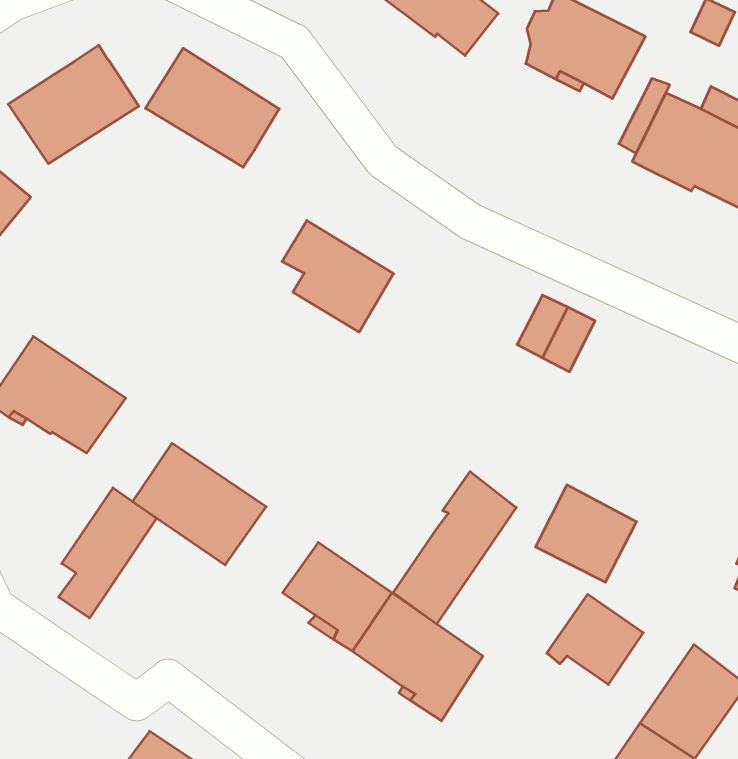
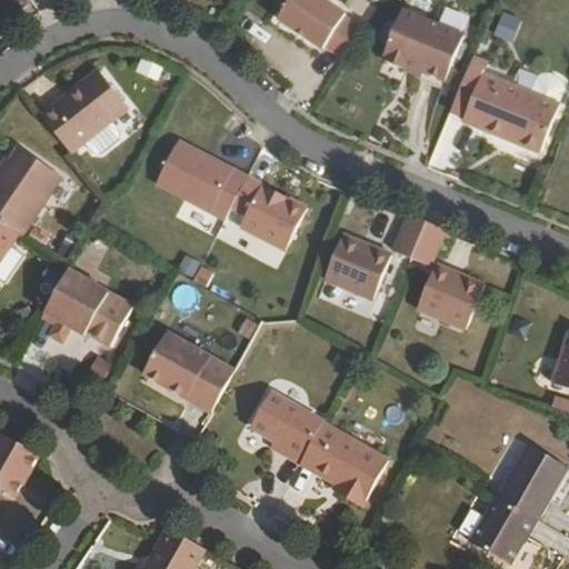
building: [145,48,279,167] -> [156,141,246,218]
building: none -> [323,234,390,299]
building: [393,472,516,624] -> none
building: [535,485,637,582] -> [418,266,485,329]
building: [59,488,156,618] -> none
building: [547,594,643,685] -> none

